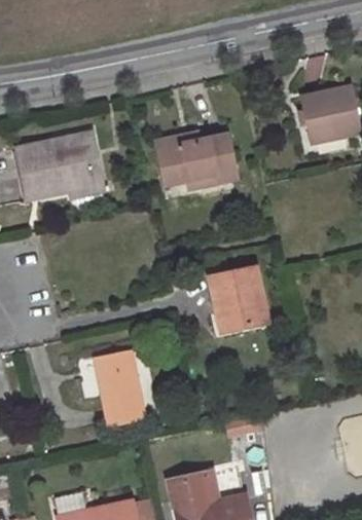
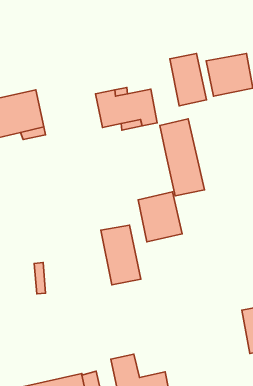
building: none -> [170,53,207,106]
building: none -> [160,119,205,196]
building: [92,346,143,422] -> [101,225,141,285]

